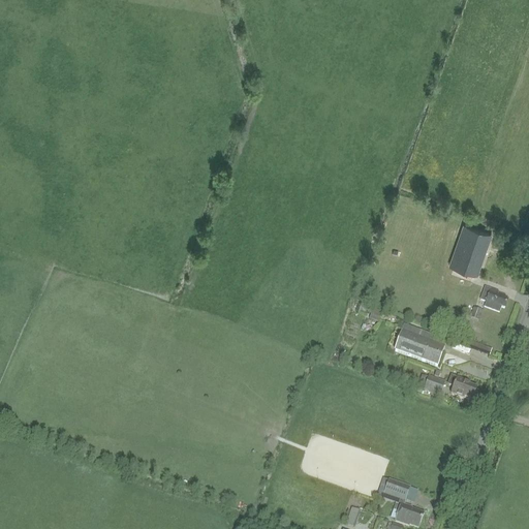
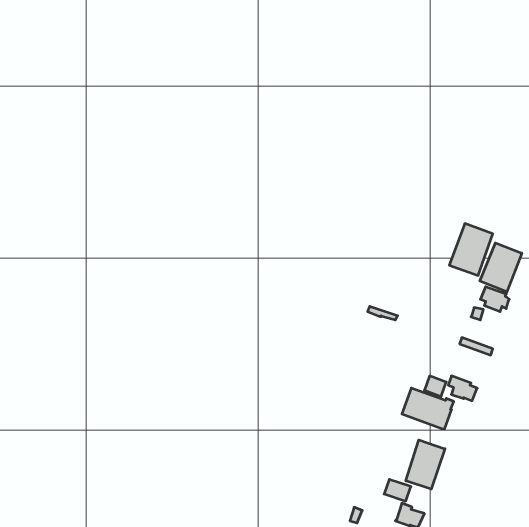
building: none -> [480,243,522,292]
building: [395,324,446,366] -> [402,388,454,429]
building: none -> [406,440,445,489]

